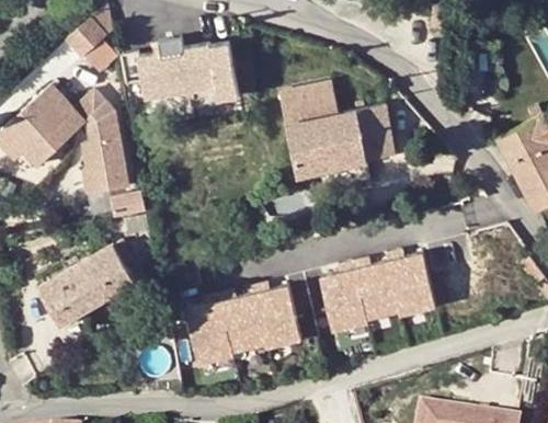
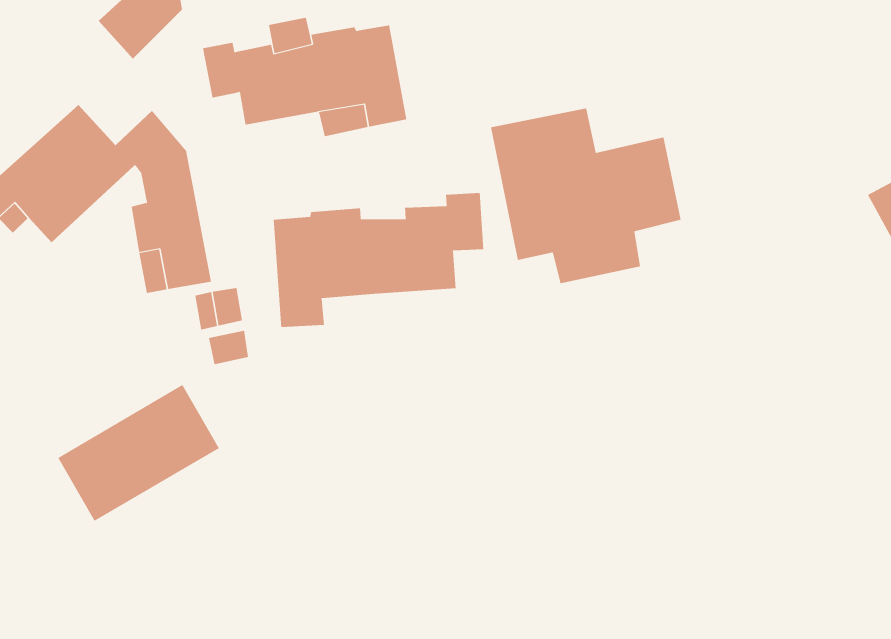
building: none -> [273,192,484,328]
building: [321,249,436,329] -> none
building: [184,283,299,362] -> none

